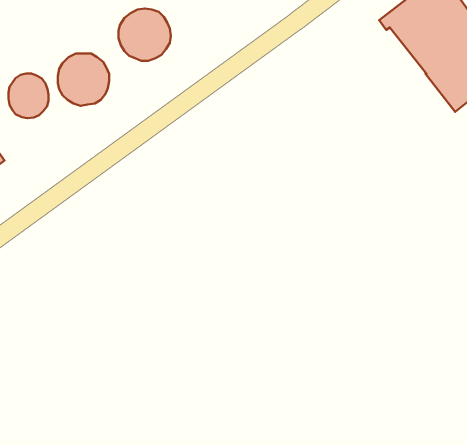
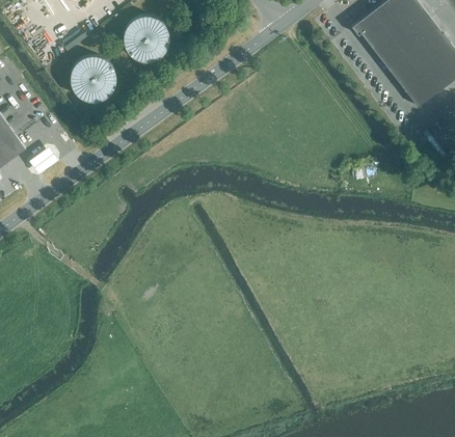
building: [8,73,48,118] -> none

